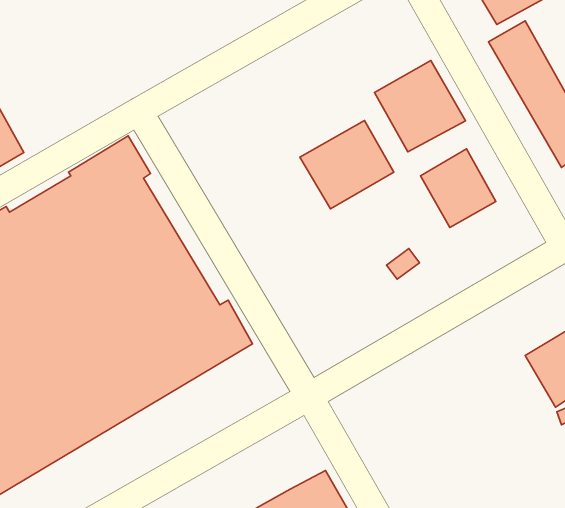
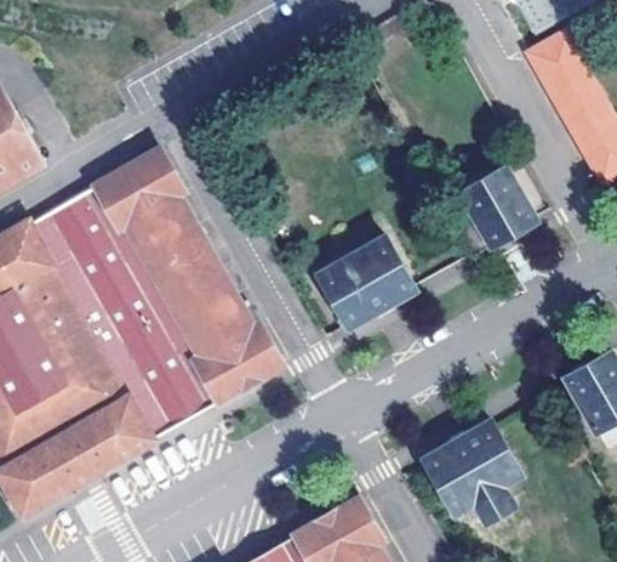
building: [375,61,465,152] -> none
building: [300,121,394,209] -> [315,234,412,325]
building: none -> [423,419,521,523]

